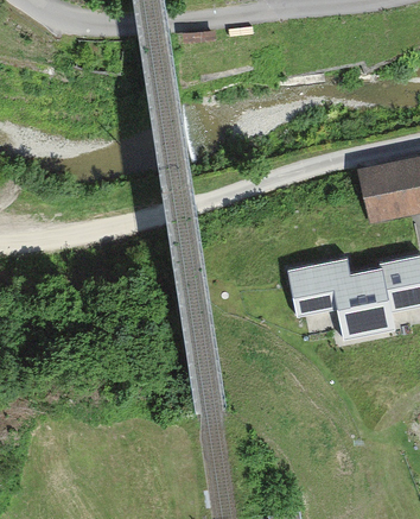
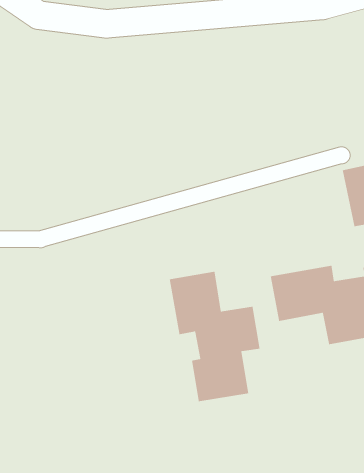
building: none -> [169,271,261,402]

